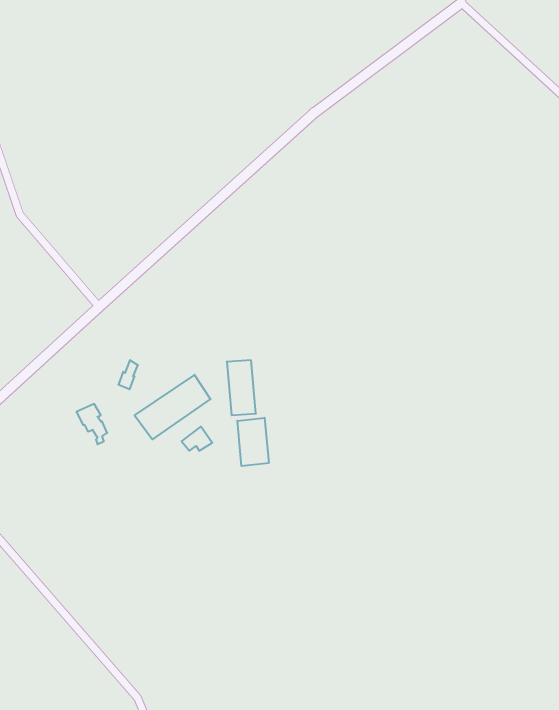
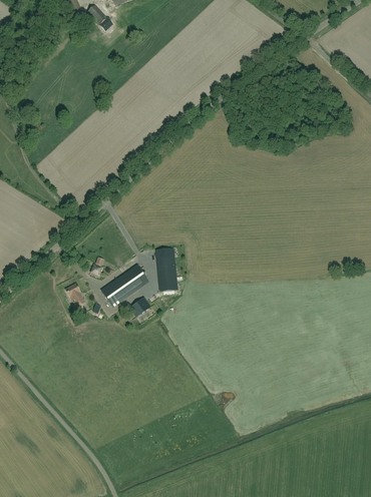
building: [237,418,269,466] -> none

